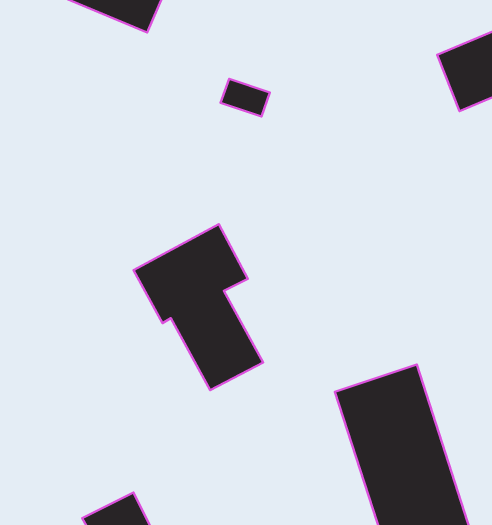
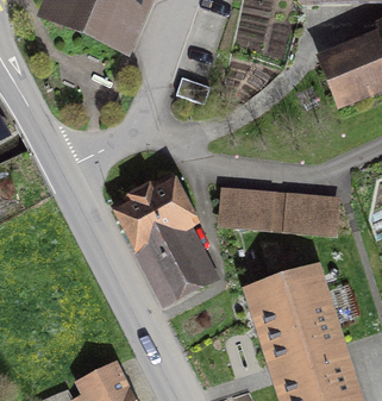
building: none -> [223,194,345,244]

